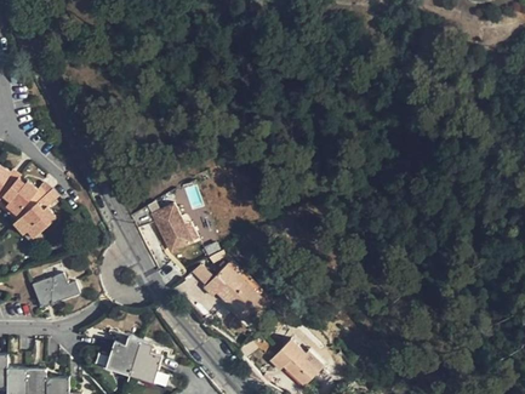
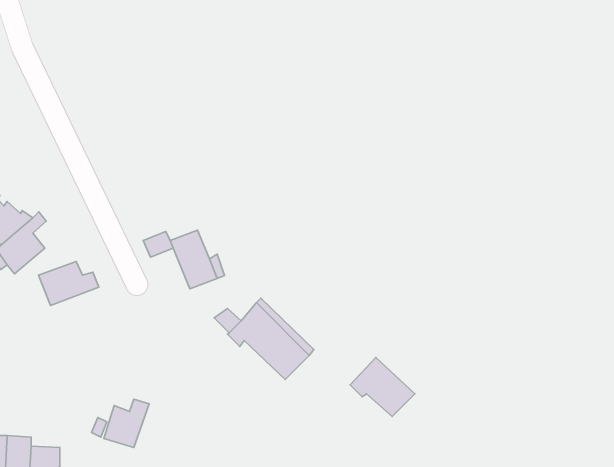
building: [32,270,80,306] -> [39,262,99,305]
building: [270,336,323,383] -> [350,358,415,416]
building: [129,341,164,383] -> none

